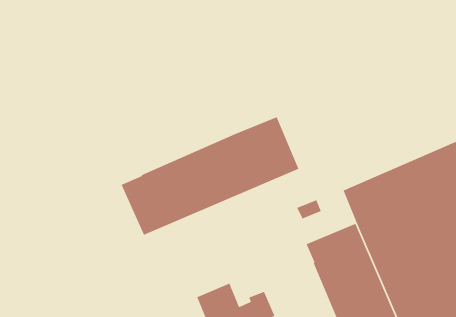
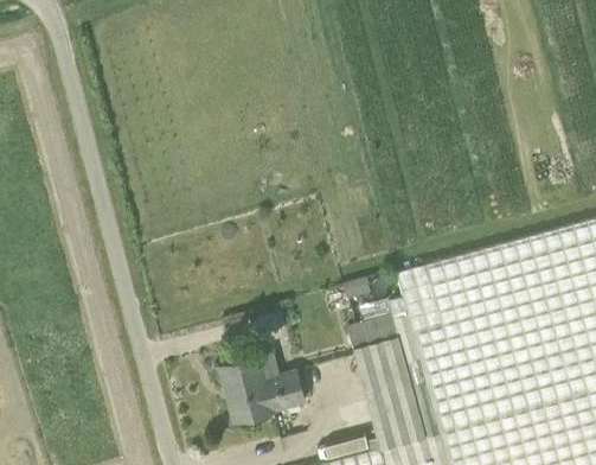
building: [121,116,300,236] -> none

